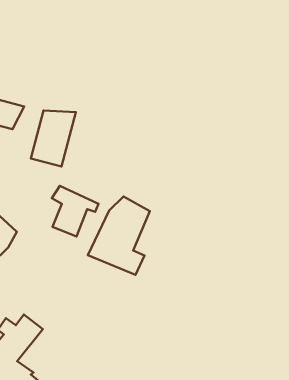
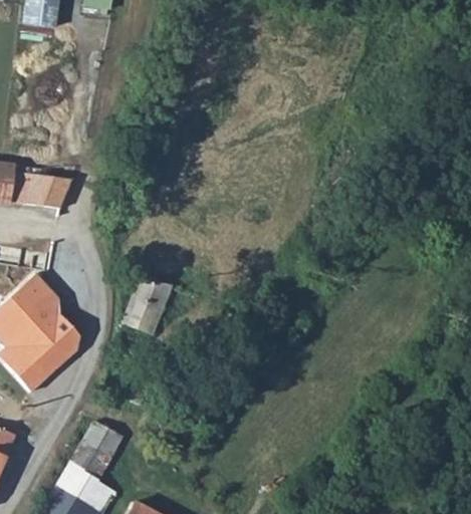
building: [31,111,76,167] -> none
building: [88,196,150,275] -> none

